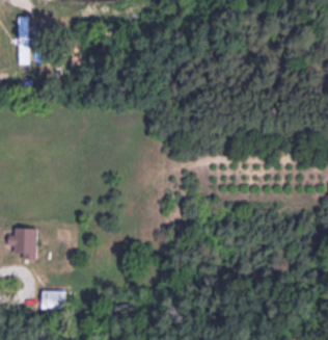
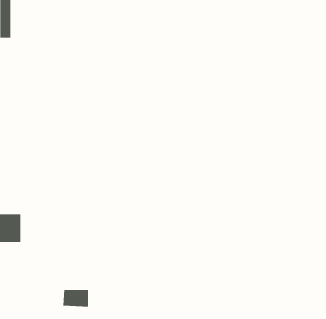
building: [42,290,66,307] -> [62,289,89,307]

